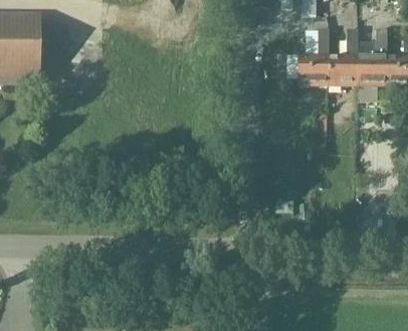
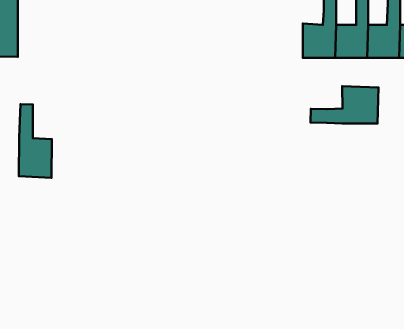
building: none -> [310,86,379,123]
building: none -> [19,104,52,178]

